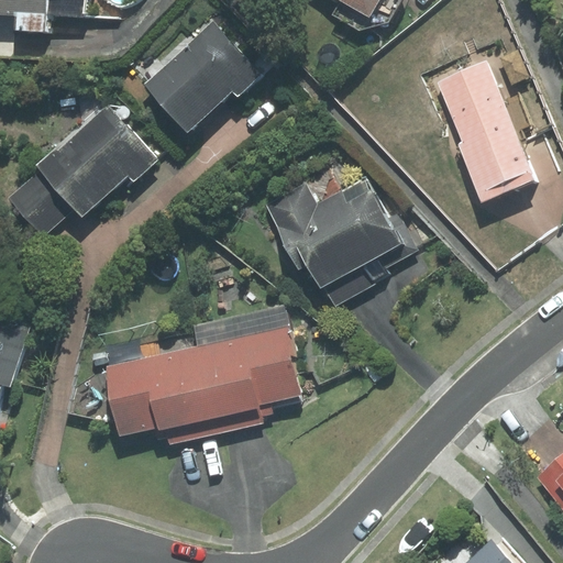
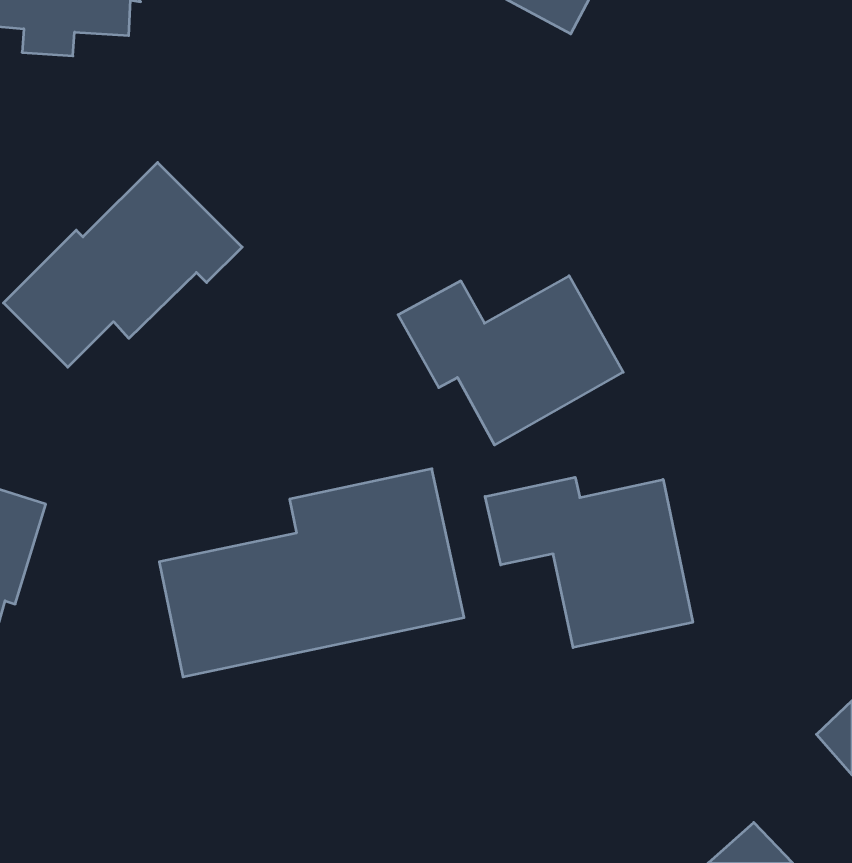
building: [143,20,264,135] -> none
building: [430,58,538,207] -> none
building: none -> [485,477,693,648]

